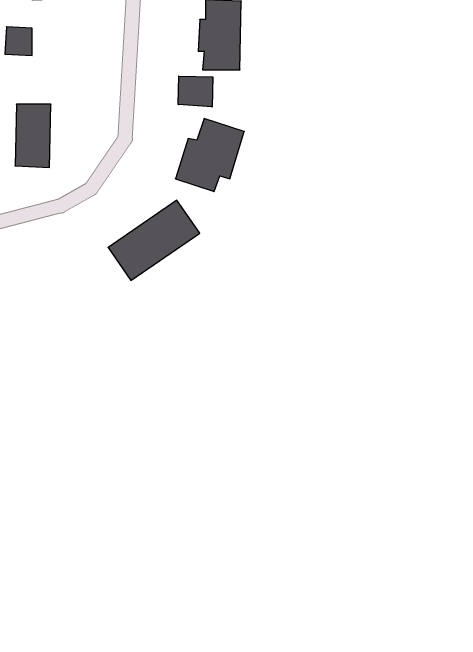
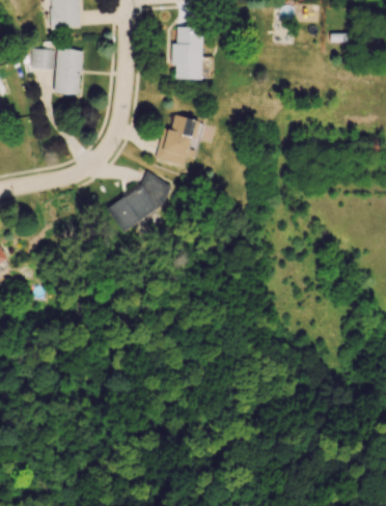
building: [178,76,213,107] -> none
building: [15,104,51,167] -> [55,49,81,94]

